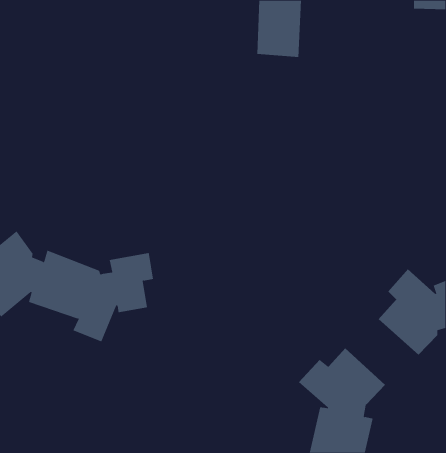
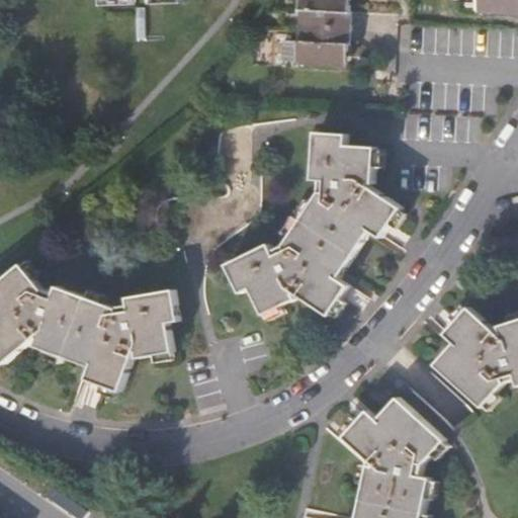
building: none -> [223,131,398,315]

